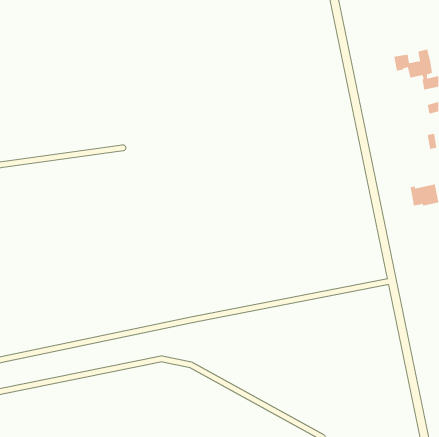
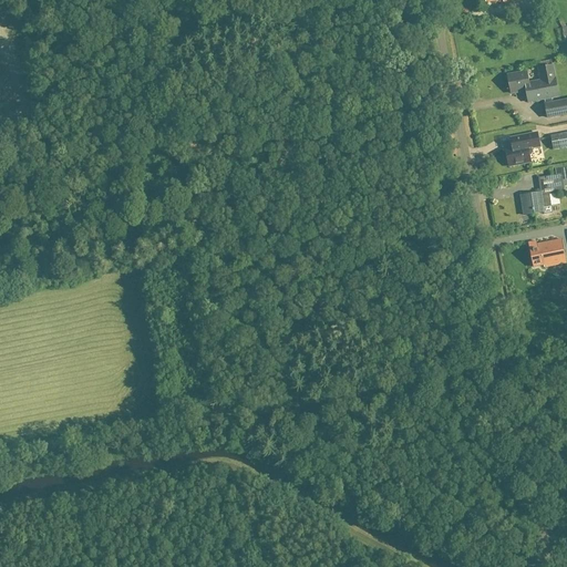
building: none -> [505,131,539,165]
building: none -> [519,190,551,213]

